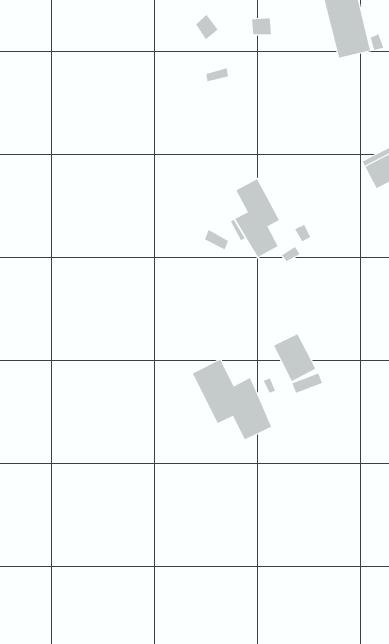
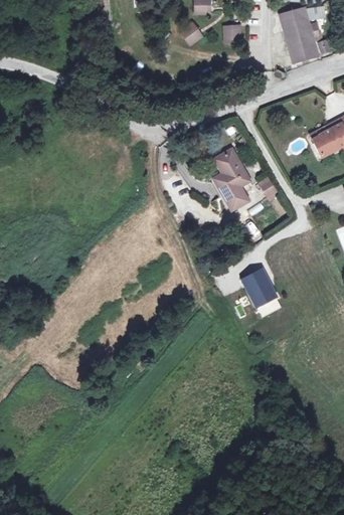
building: [192,359,272,440] -> none

